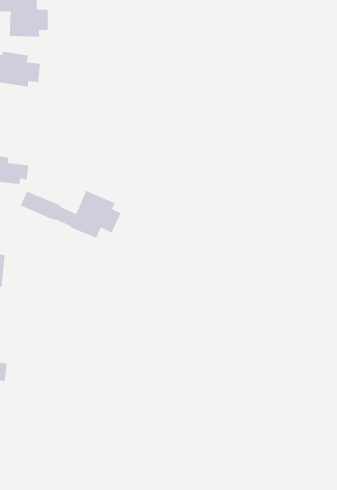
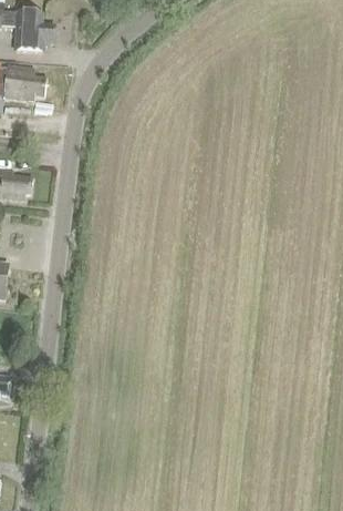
building: [19,190,122,239] -> none

